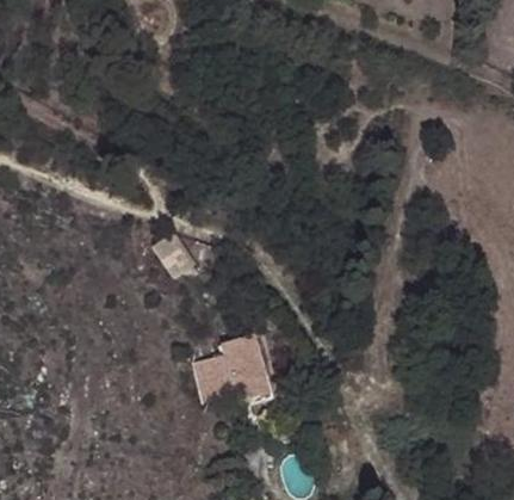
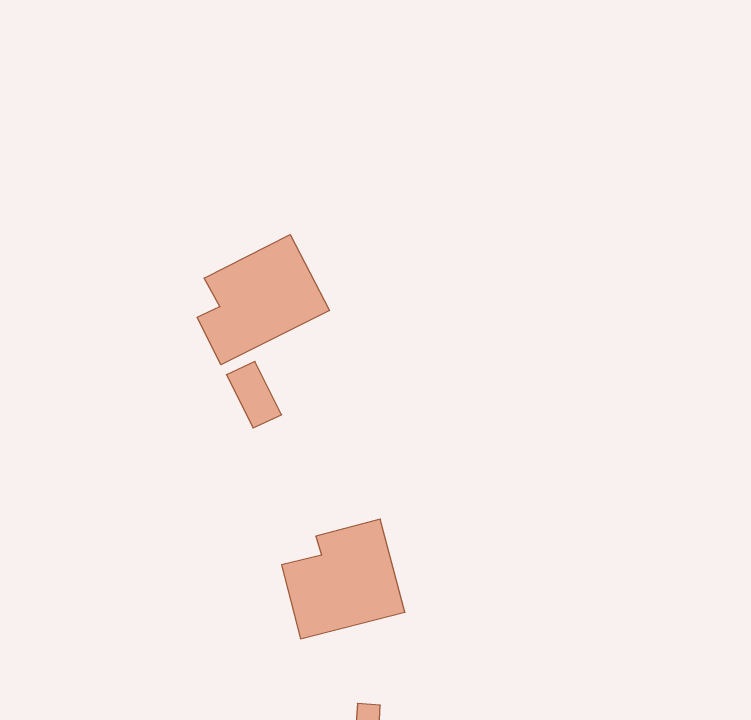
building: none -> [197,235,329,365]

